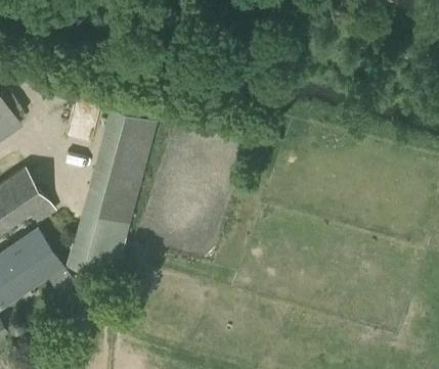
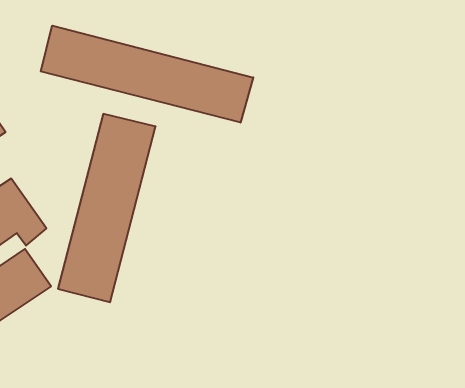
building: none -> [41,26,253,123]

